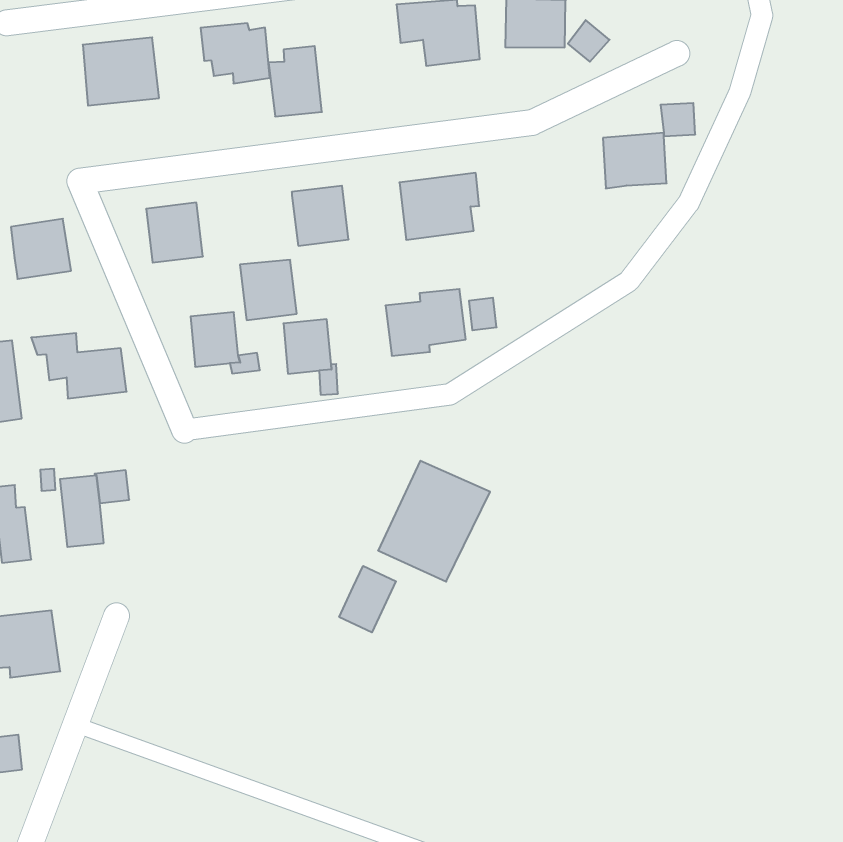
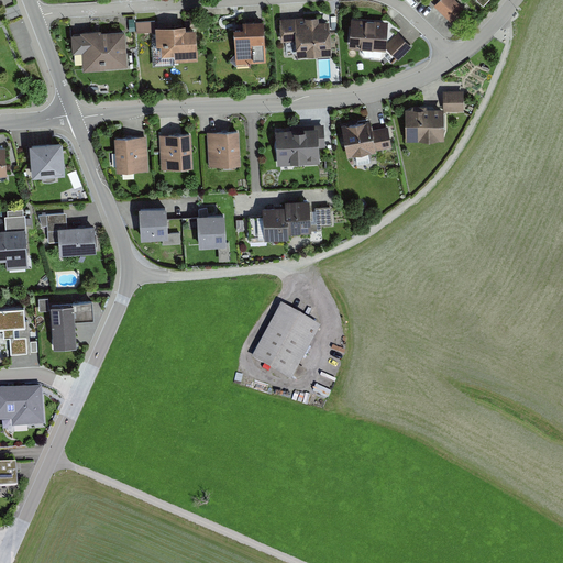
building: [269,46,322,116] -> [233,21,265,64]
building: none -> [341,121,391,157]
building: [240,260,297,320] -> [158,133,192,169]
building: [339,566,396,632] -> none

